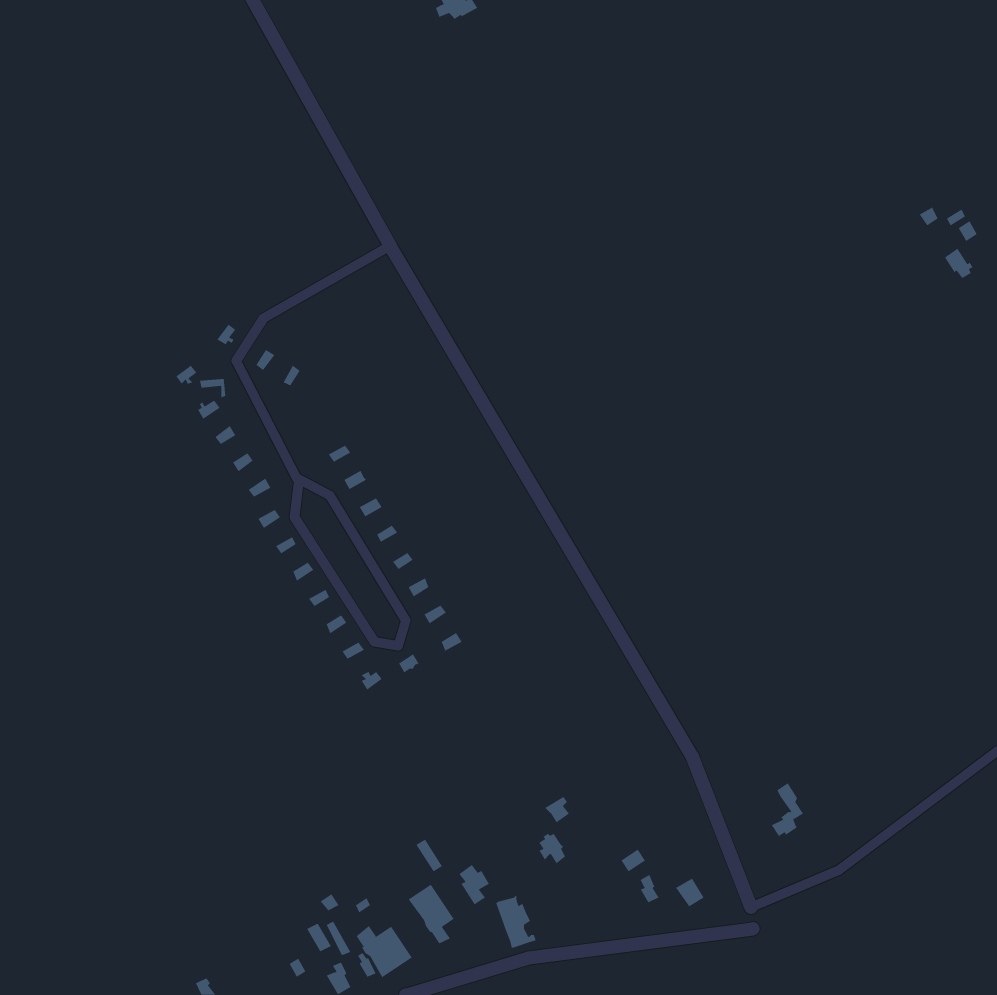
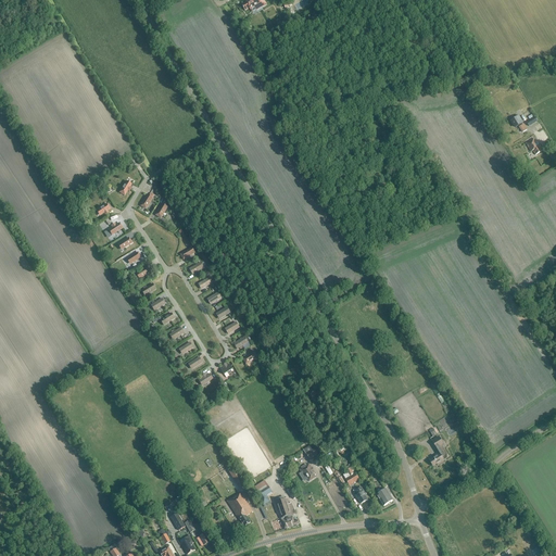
building: [356,925,413,978] -> none

